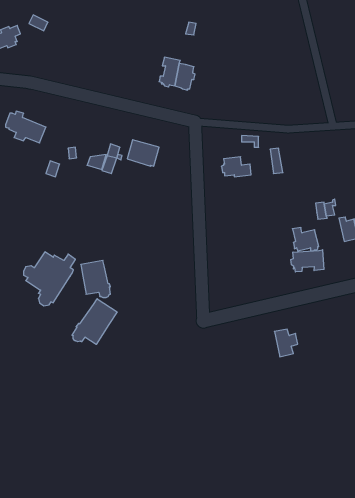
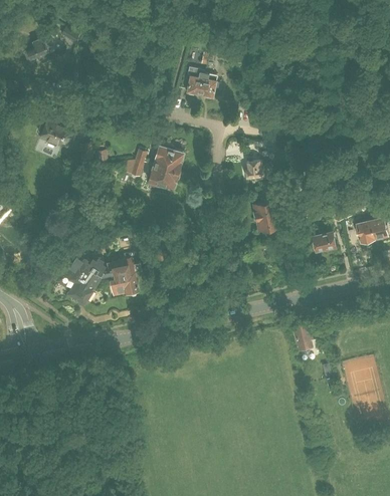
building: none -> [148,164,179,190]
building: none -> [253,202,281,233]
building: [291,250,324,272] -> none
building: [72,299,117,344] -> none

